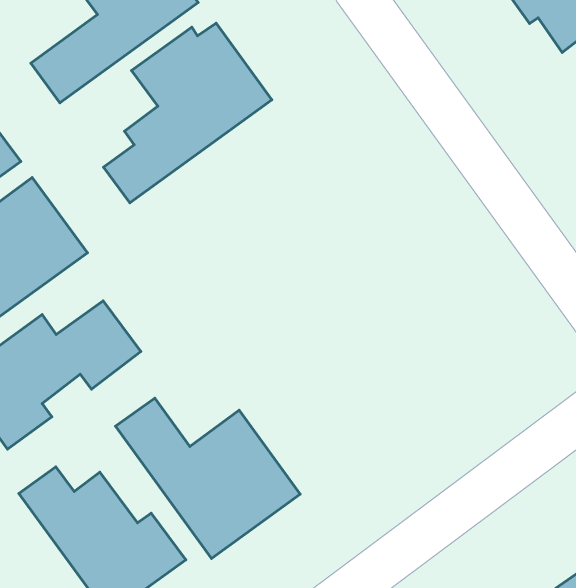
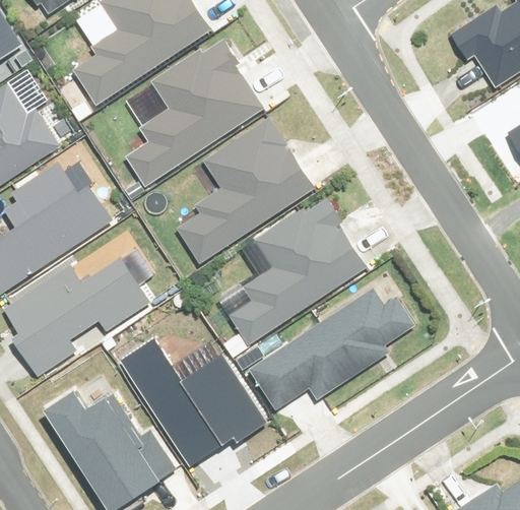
building: none -> [178,122,312,261]
building: none -> [231,202,362,339]
building: none -> [252,291,411,406]

